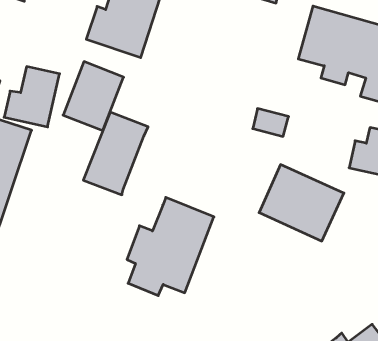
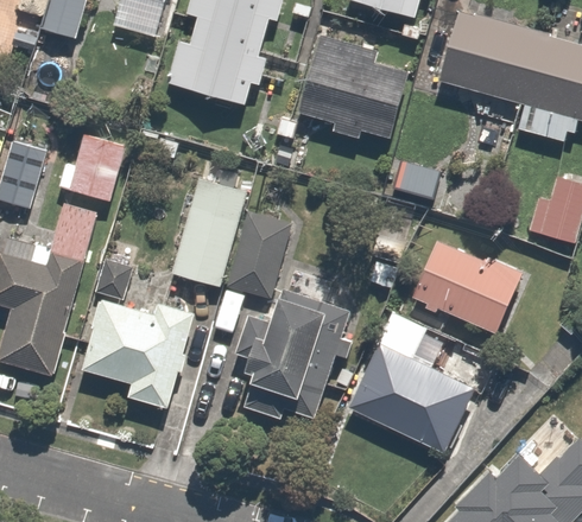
building: none -> [298,34,407,139]
building: [63,62,124,131] -> [224,208,303,299]
building: none -> [83,298,195,409]
building: none -> [347,344,473,453]

